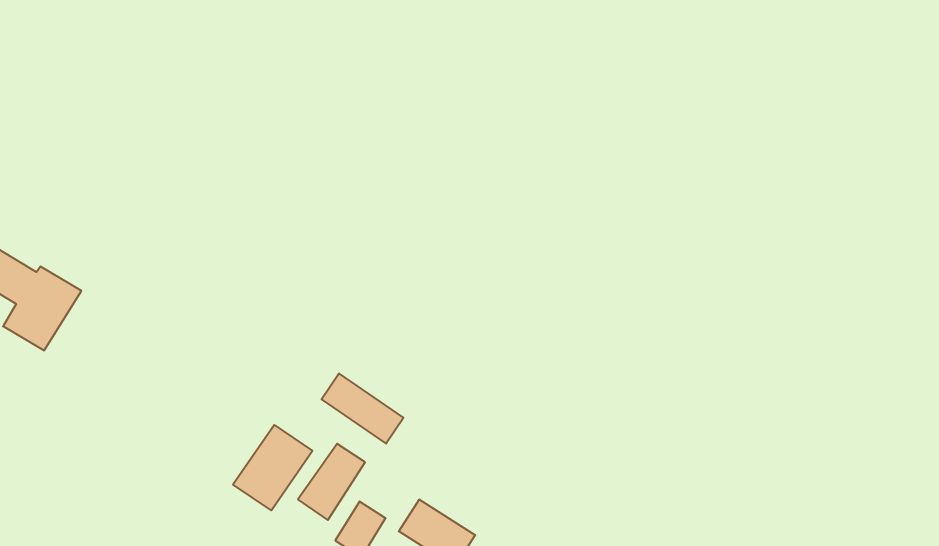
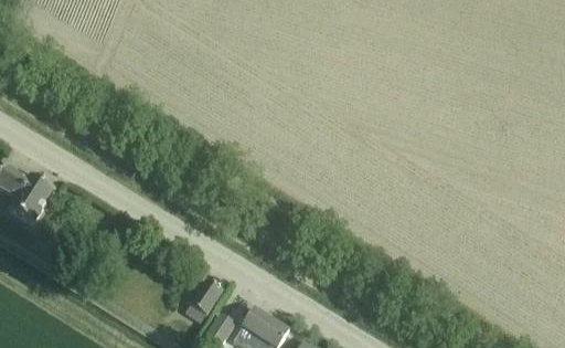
building: [322,373,403,444] -> none
building: [233,425,312,510] -> none

